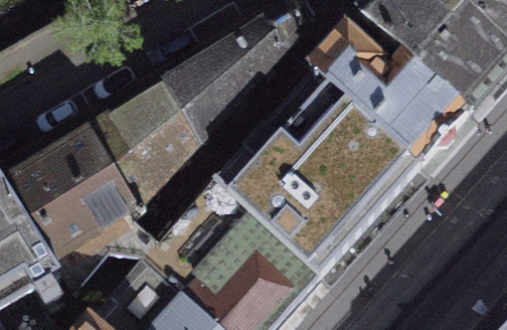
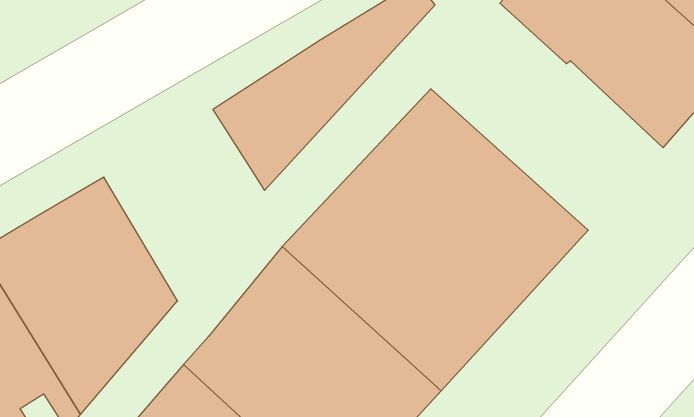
building: [301,31,462,172] -> none
building: [79,90,189,220] -> none

